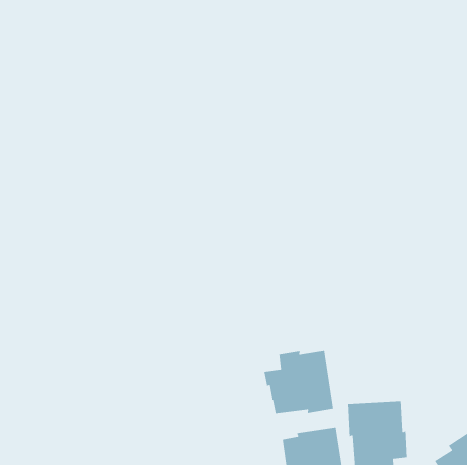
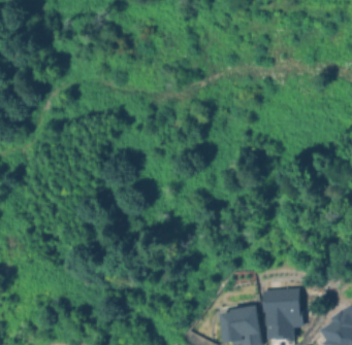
building: [263,350,334,414] -> none

